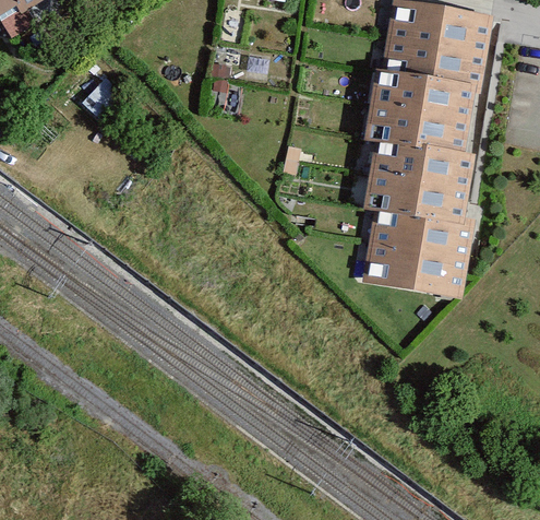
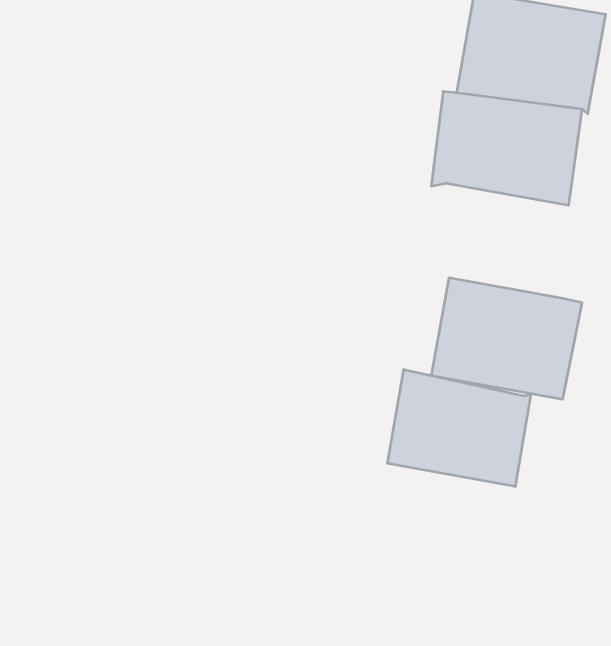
building: [363,137,475,222] -> none
building: none -> [387,369,531,487]

